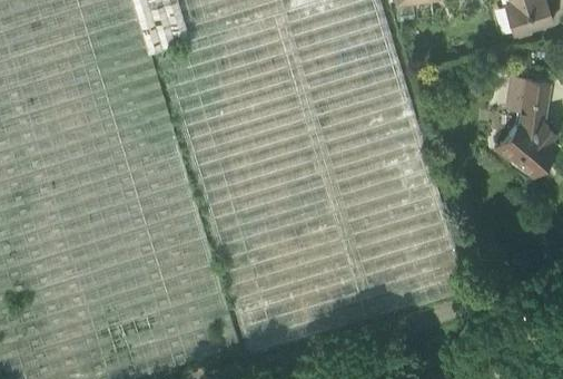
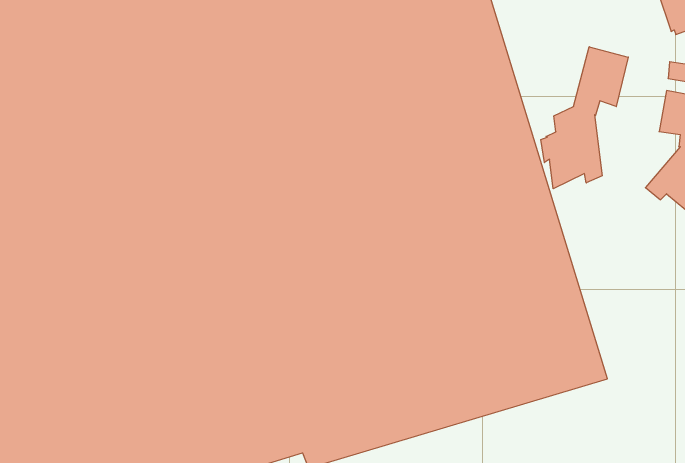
building: none -> [541,47,628,189]

